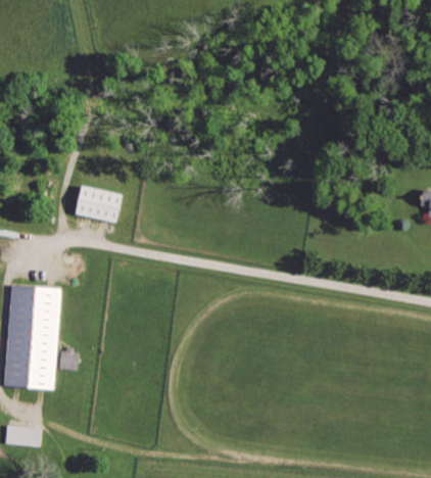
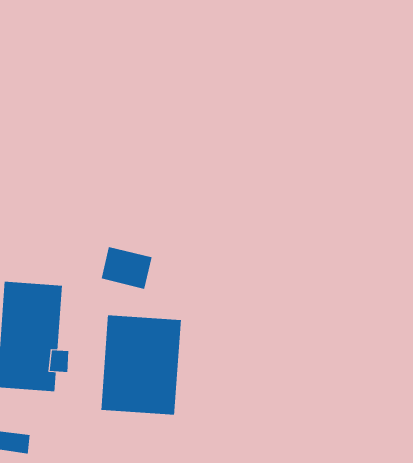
building: [74,188,123,229] -> [101,246,152,289]
building: none -> [101,315,181,416]

